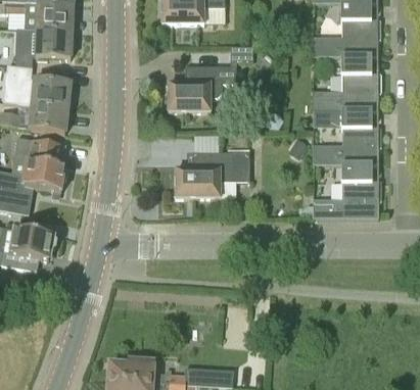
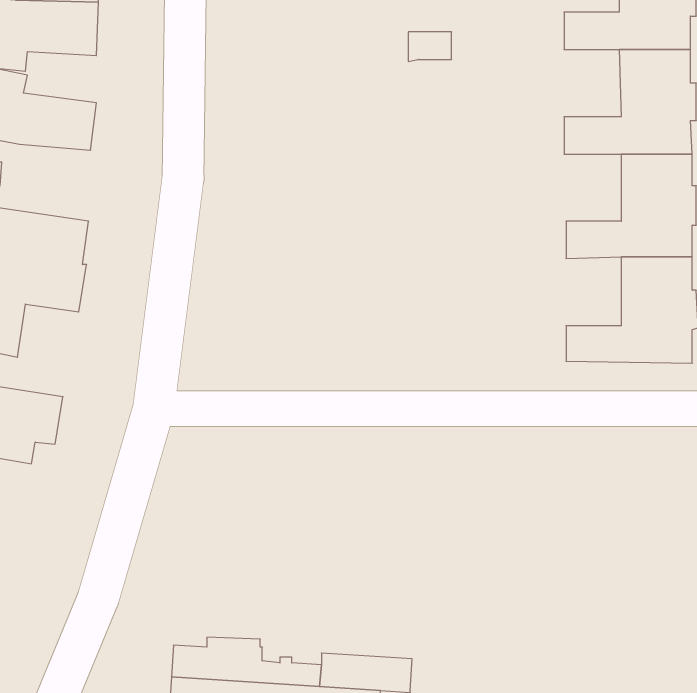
building: [168,64,236,110] -> none
building: [28,104,66,134] -> none
building: [175,151,249,196] -> none

